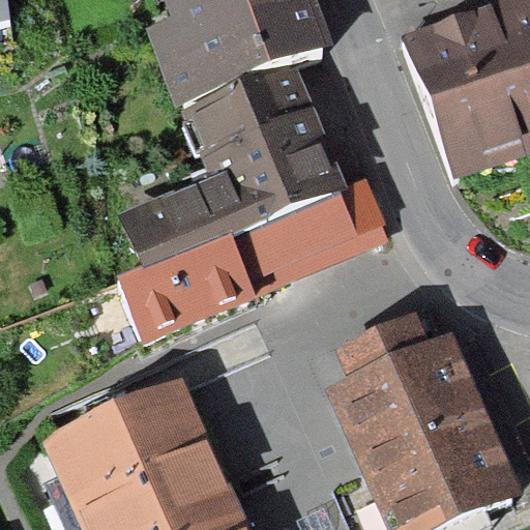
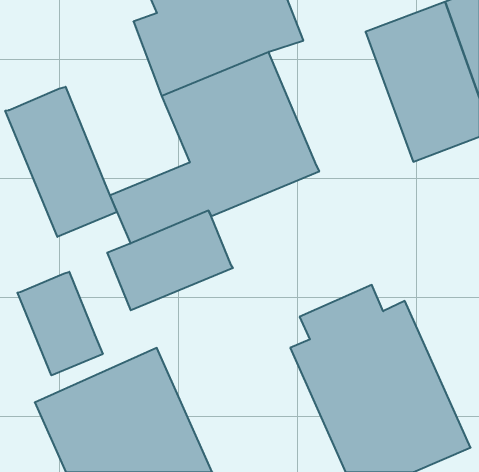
building: none -> [5,87,117,237]
building: [234,175,390,292] -> none
building: none -> [17,272,103,375]

